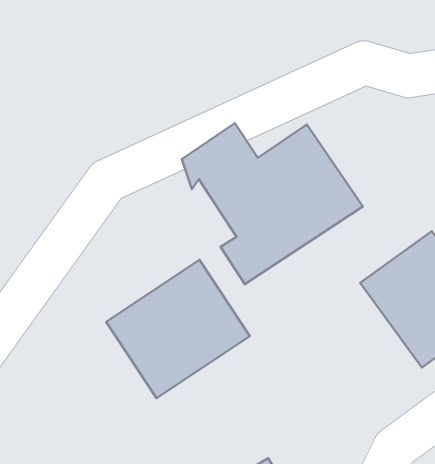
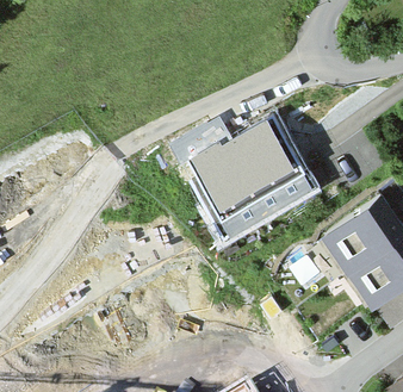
building: [106,260,250,398] -> none

